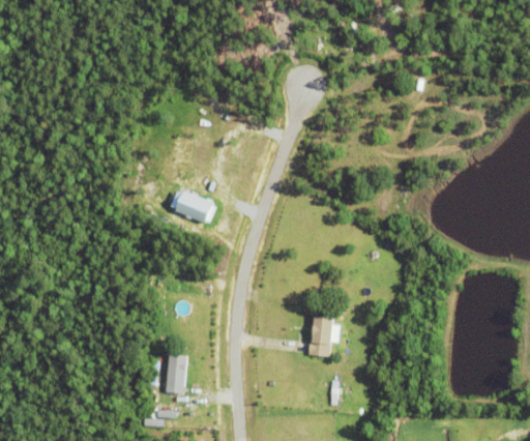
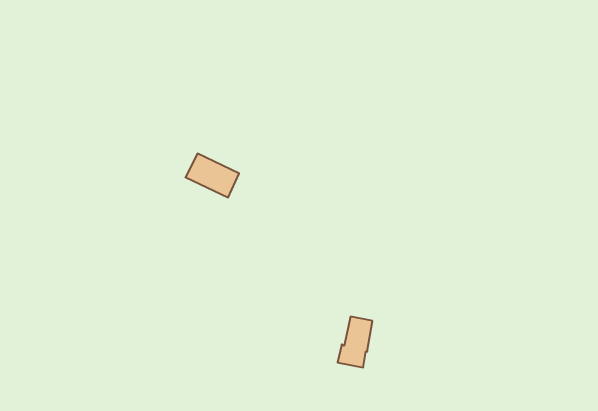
building: [167,354,186,385] -> none

